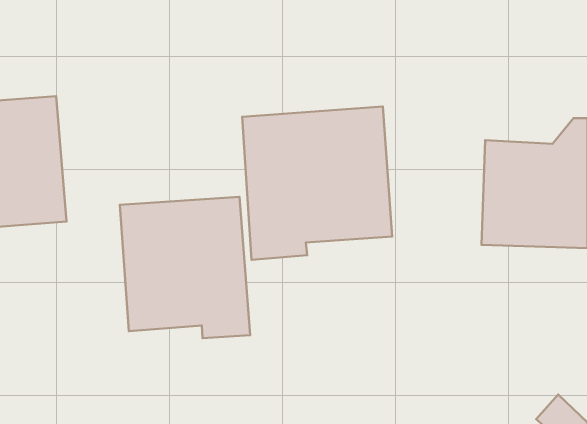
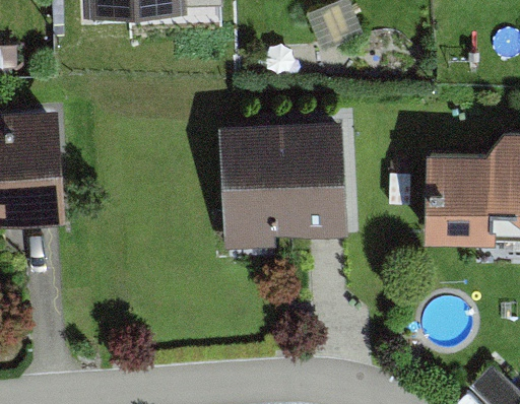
building: [120,197,250,338] -> none

